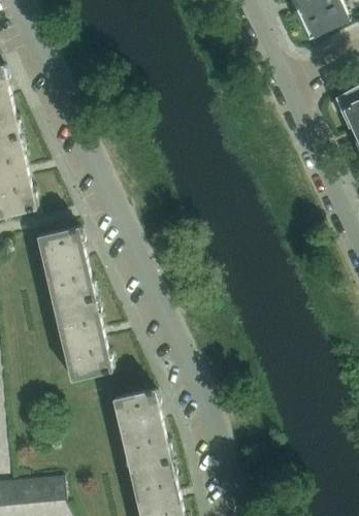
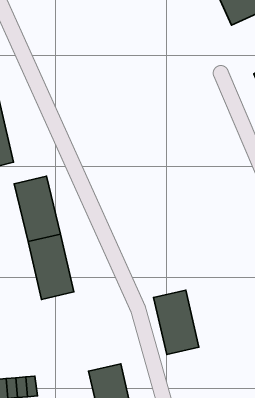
building: [112,389,169,470] -> [154,290,199,355]

